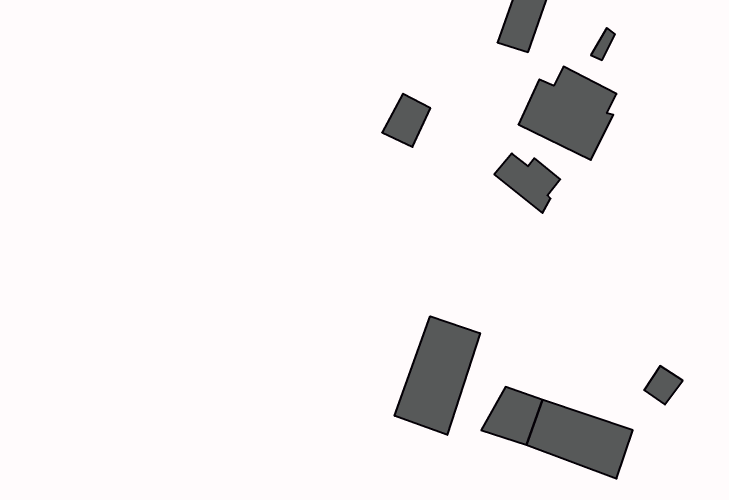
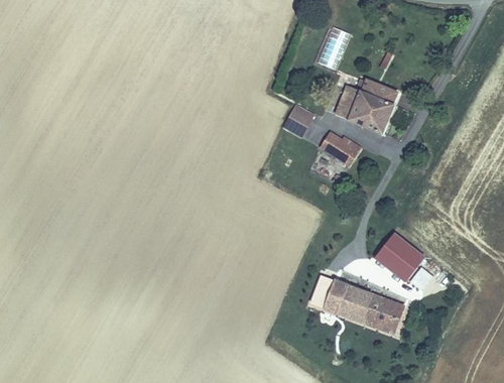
building: [382,94,430,147] -> [281,105,311,138]
building: none -> [378,233,425,279]
building: [395,316,480,435] -> none

